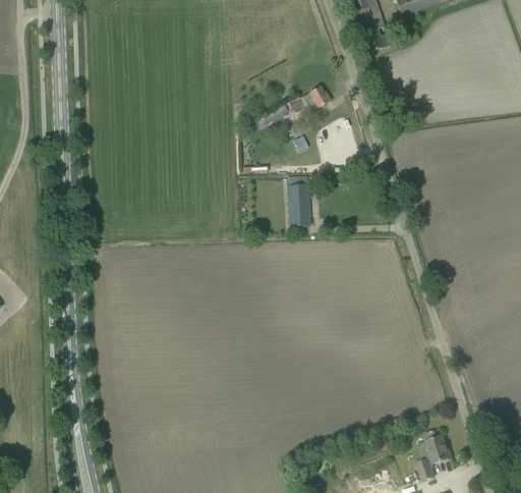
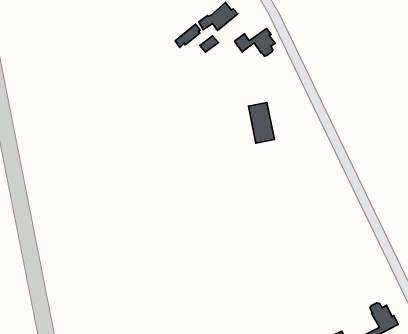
building: none -> [235,28,275,56]
building: [288,184,310,226] -> [248,102,274,143]

